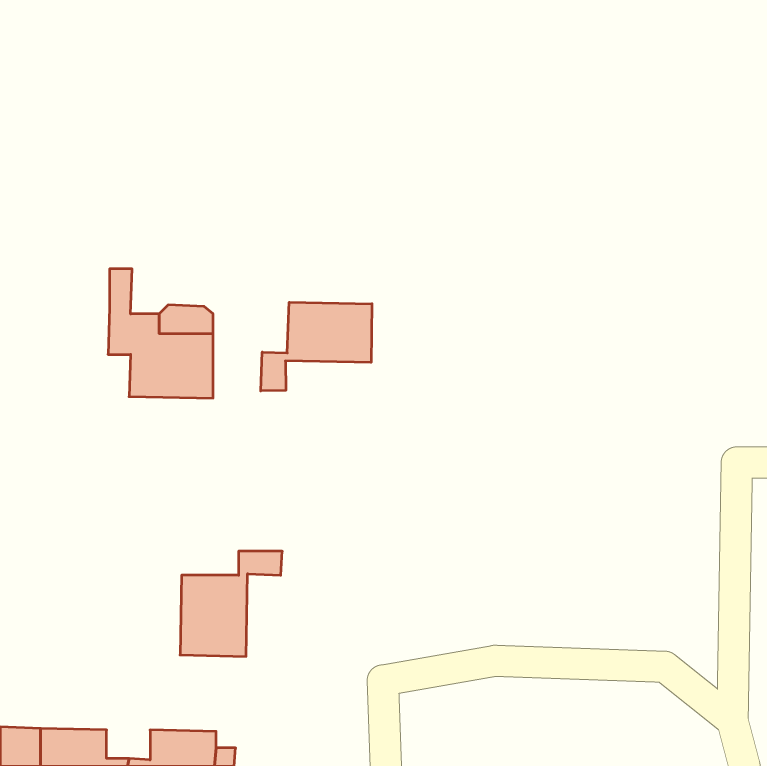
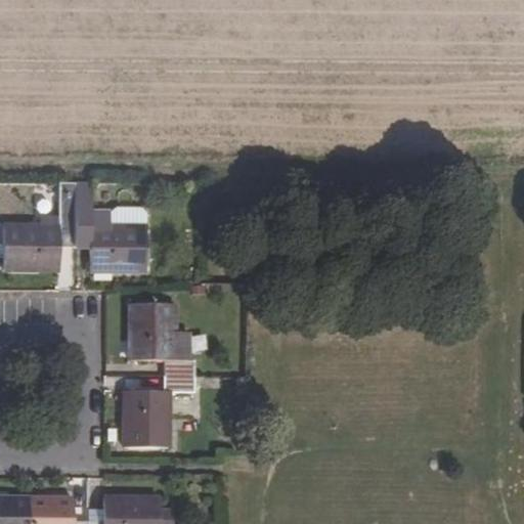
building: [261,302,372,391] -> none
building: none -> [14,210,75,270]
building: none -> [129,304,192,376]

